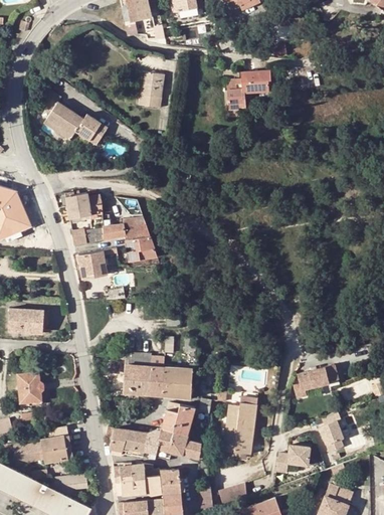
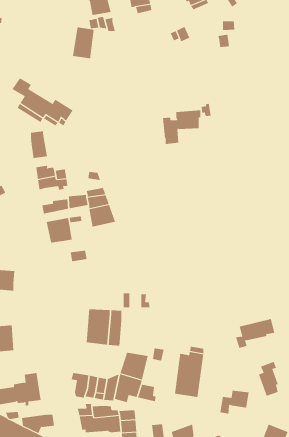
building: [226,71,270,111] -> [162,110,201,144]
building: [139,72,164,109] -> [72,27,94,59]
building: none -> [30,130,47,159]
building: [162,363,196,398] -> none

